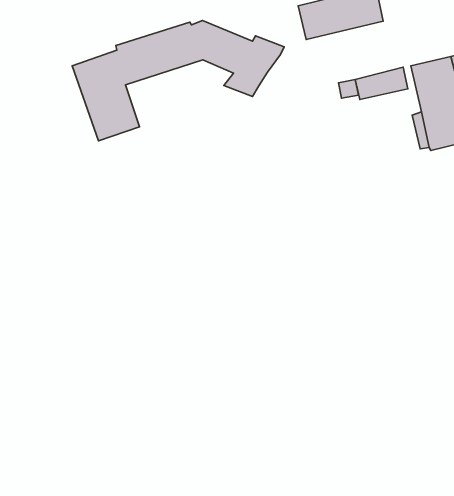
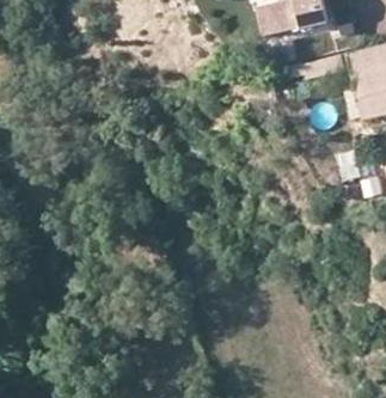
building: [72,21,284,141] -> none

